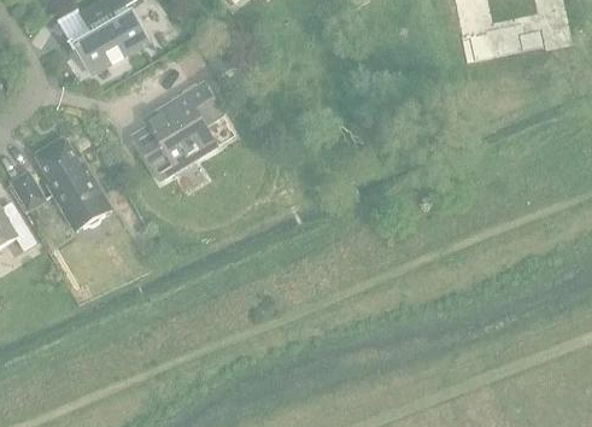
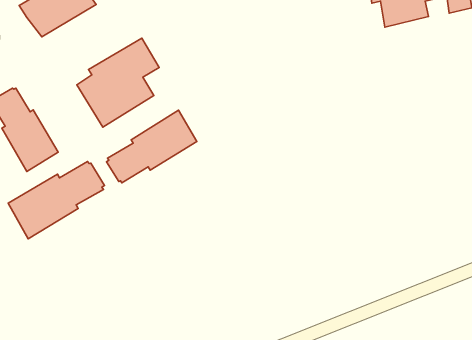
building: none -> [107,110,197,183]
building: none -> [8,161,104,239]

